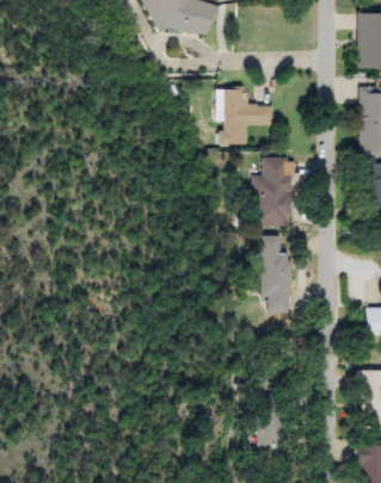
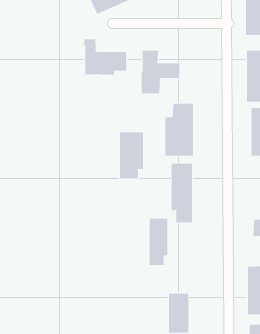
building: none -> [84,38,127,75]
building: none -> [120,131,143,179]
building: none -> [149,218,168,266]

